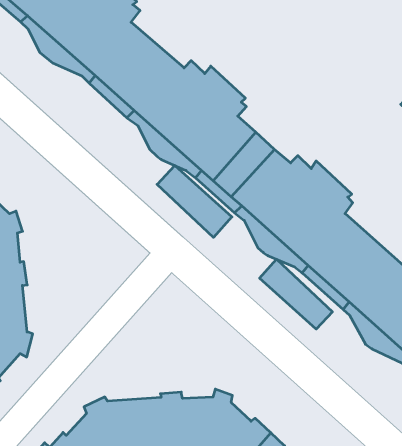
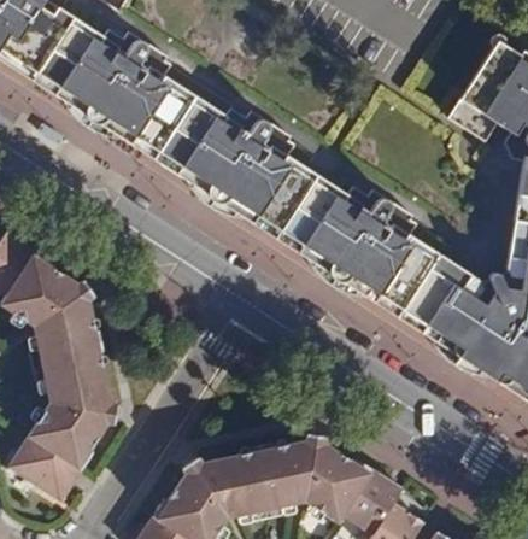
building: [157,165,232,237] -> none
building: [260,259,332,329] -> none

